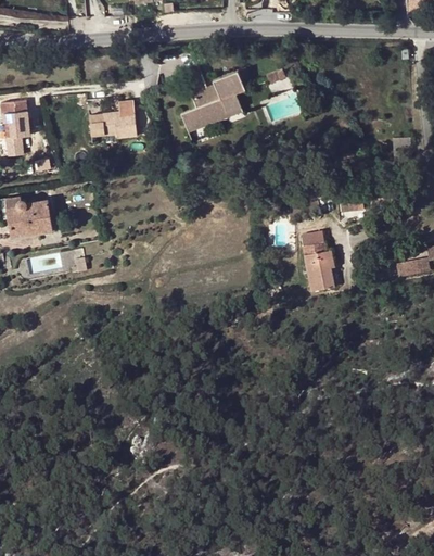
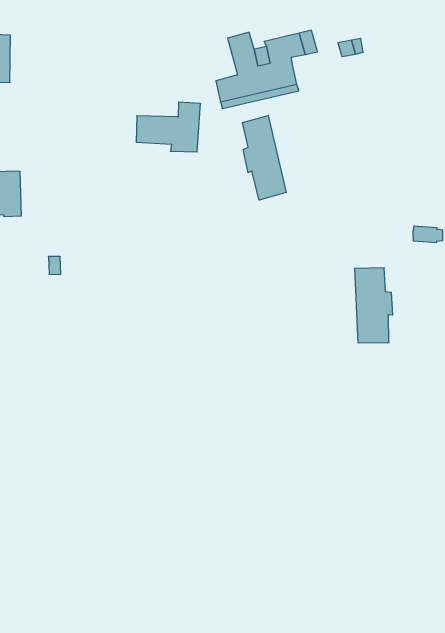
building: [89,100,137,138] -> [136,102,201,152]
building: none -> [242,115,286,200]

